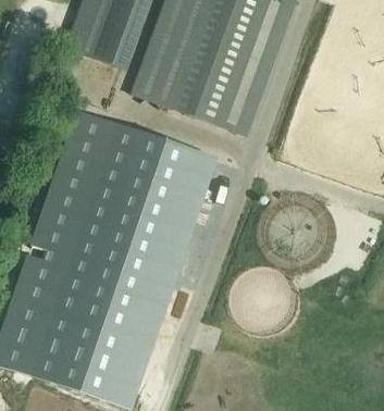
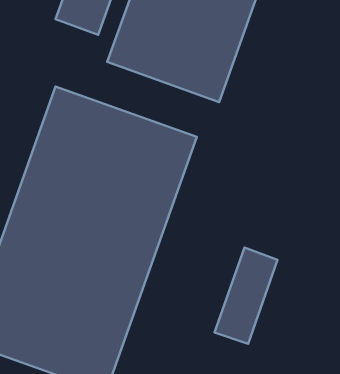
building: none -> [214,248,278,344]

